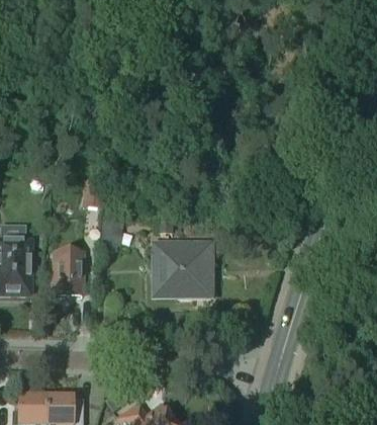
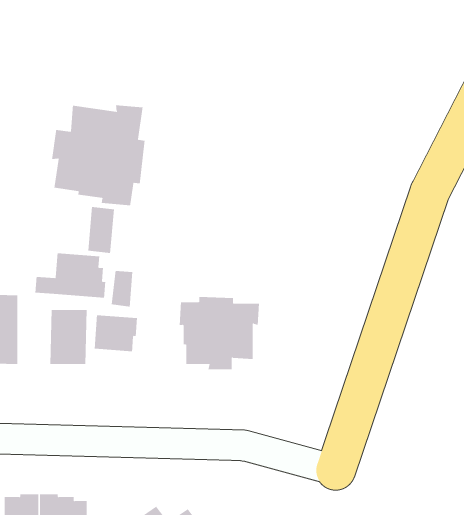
building: none -> [51,105,145,206]
building: none -> [35,253,106,298]
building: none -> [94,315,138,352]

